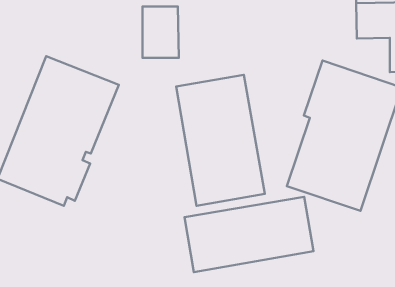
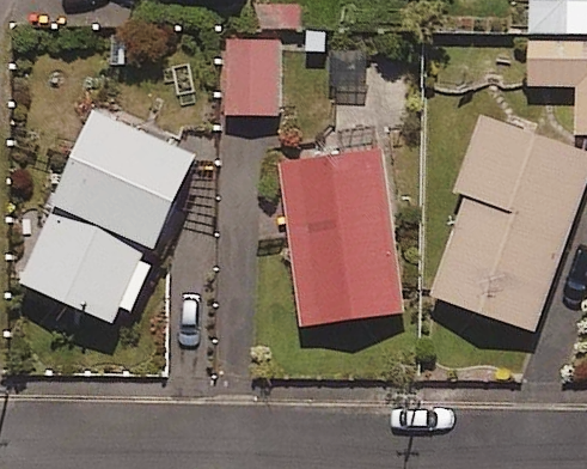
building: [184,197,313,272] -> none

